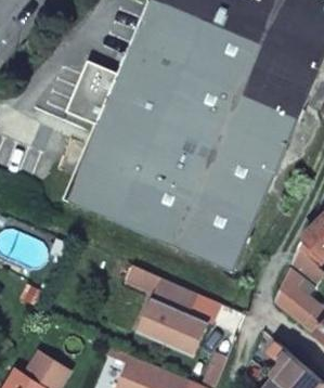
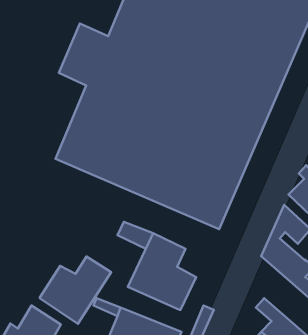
building: none -> [40,257,111,324]

